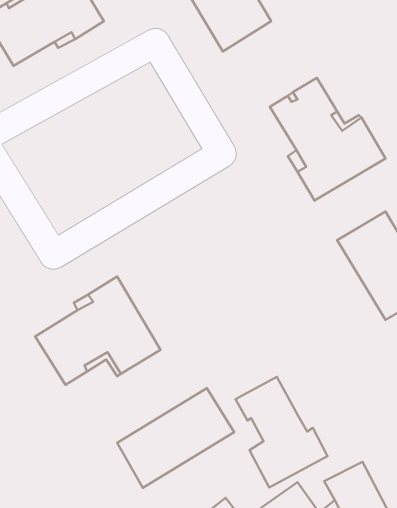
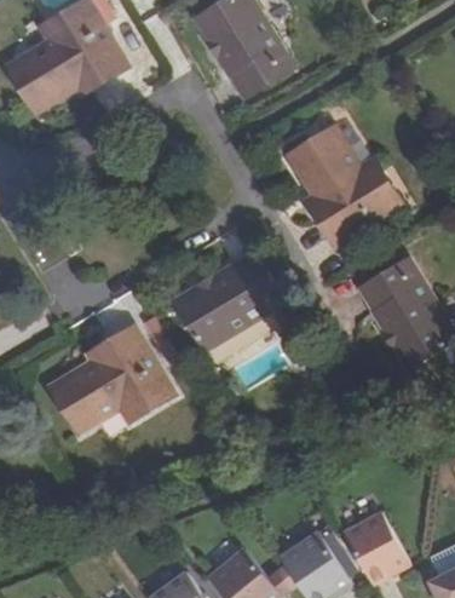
building: none -> [178,251,284,347]
building: [235,377,327,488] -> none
building: [117,388,234,488] -> none

